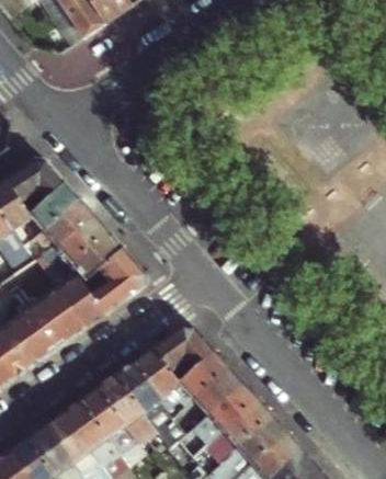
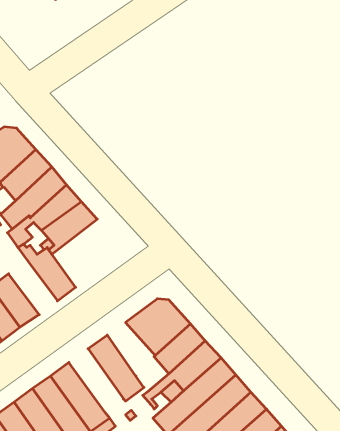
building: [78,249,144,315] -> none
building: [36,289,83,341] -> none
building: [132,349,178,400] -> none
building: [94,374,147,435] -> none

